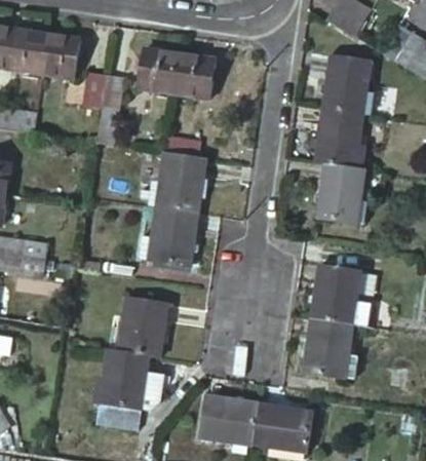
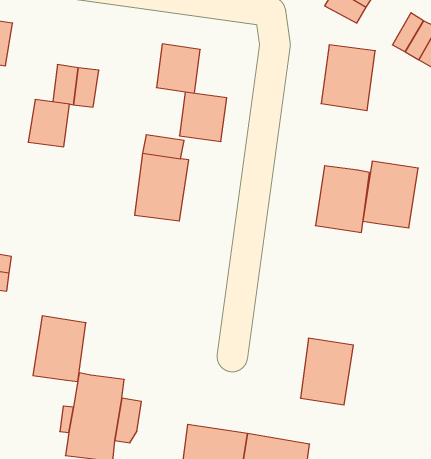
building: [42,36,79,78] -> [28,100,70,147]
building: [140,49,182,93] -> [179,92,227,141]
building: [315,108,364,167] -> [363,161,418,228]
building: [149,207,197,265] -> none
building: [312,264,359,323] -> none
building: [118,297,165,355] -> [33,316,86,381]

